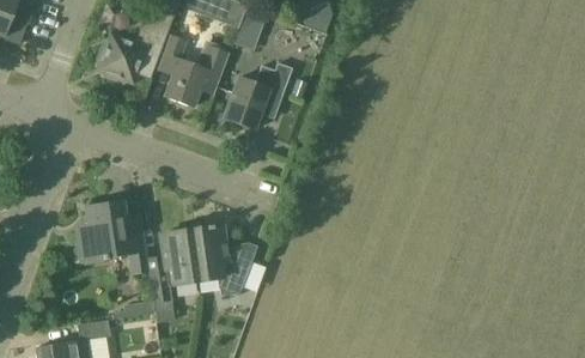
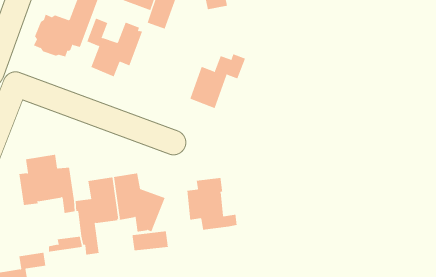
building: [225,62,293,129] -> [189,53,246,109]
building: none -> [187,177,237,230]
building: none -> [132,231,169,251]

